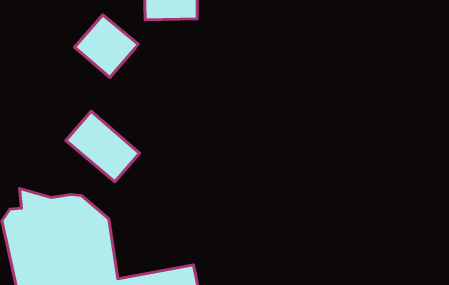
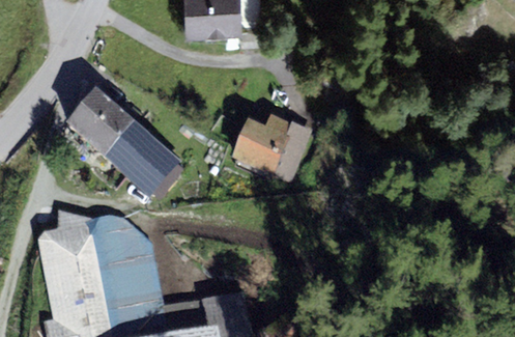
building: [74,15,138,78] -> [68,94,136,161]
building: none -> [234,119,309,184]

